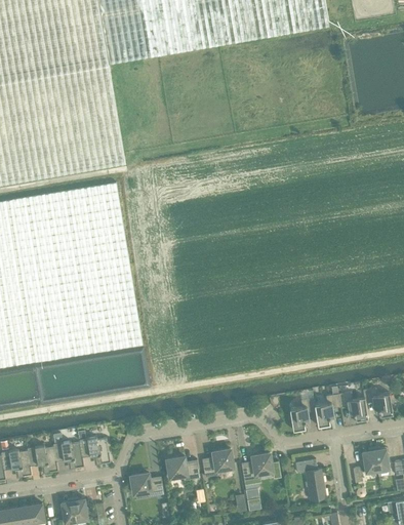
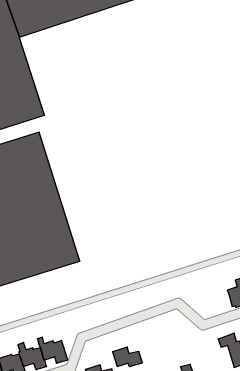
building: [287,397,315,432] -> none
building: [201,448,233,477] -> none
building: [241,452,280,481] -> none

